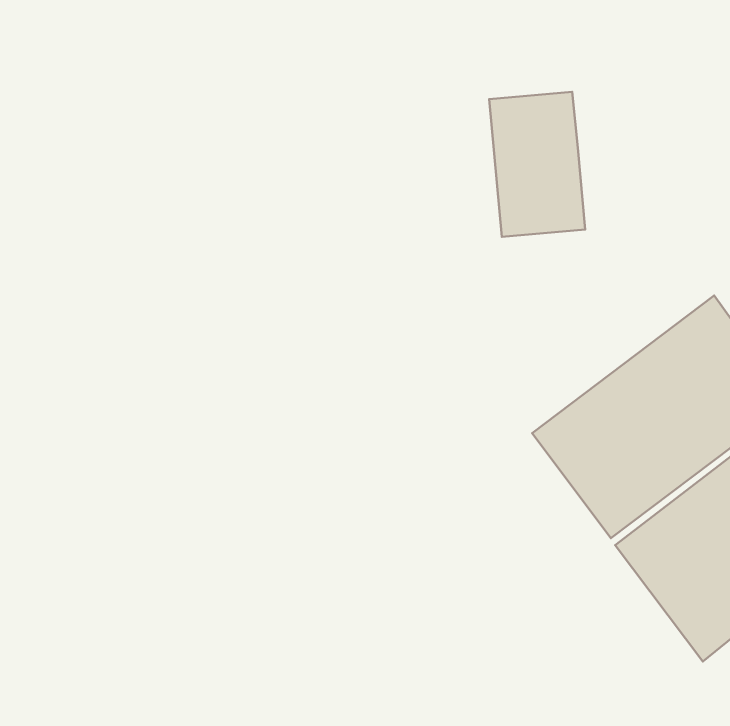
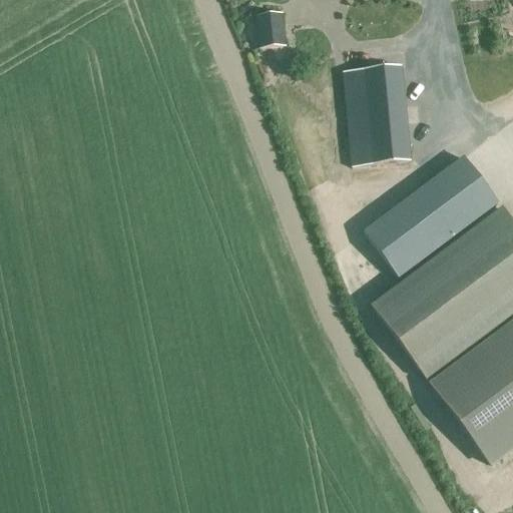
building: none -> [256,12,287,46]
building: none -> [365,156,498,276]

